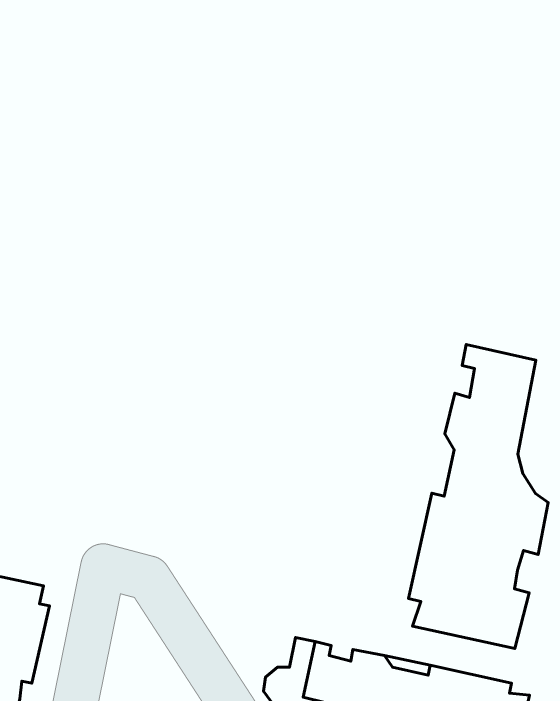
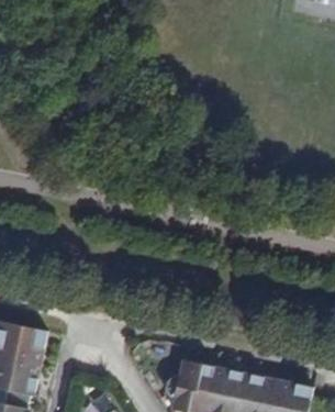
building: [409,345,548,649] -> none

